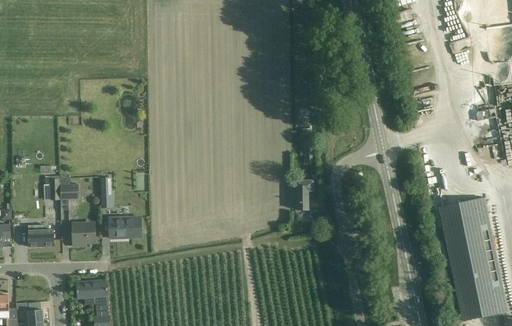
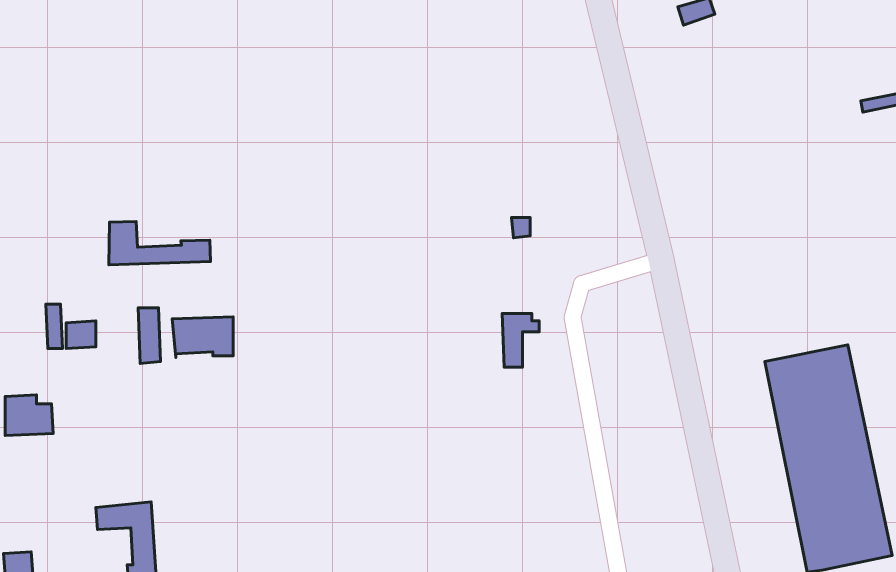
building: none -> [109,222,210,265]
building: [108,216,141,238] -> [172,317,233,358]
building: [72,222,95,246] -> none

